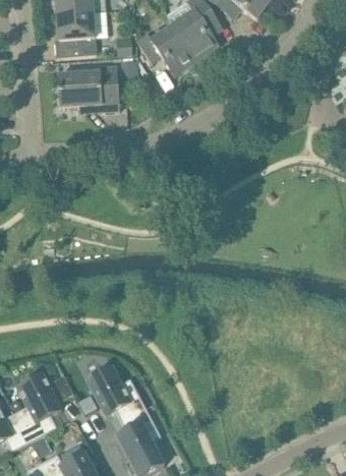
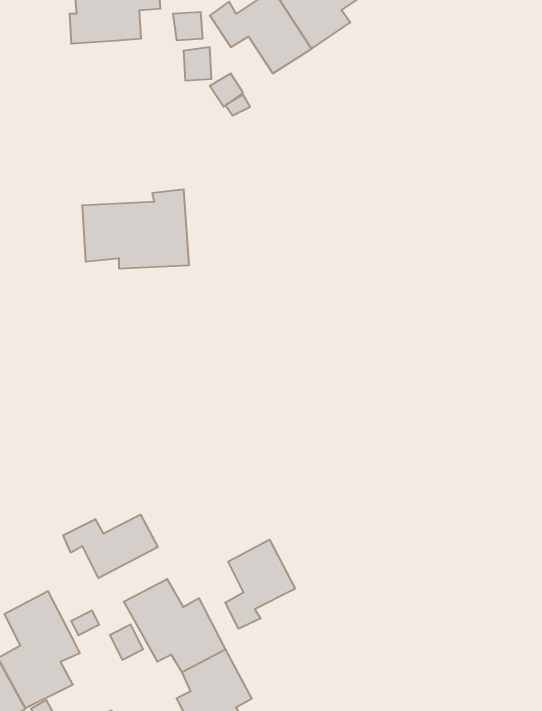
building: [58,65,120,111] -> [82,190,189,269]
building: none -> [63,515,158,578]
building: none -> [225,540,295,629]

